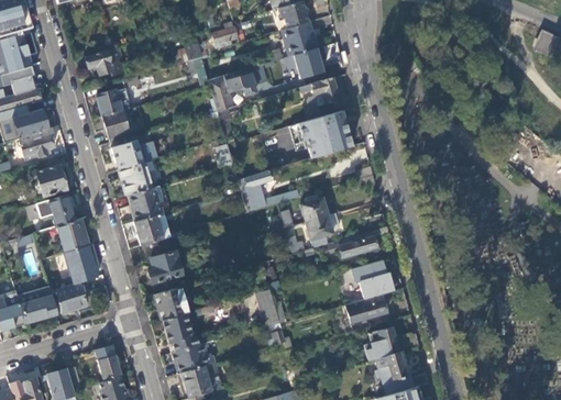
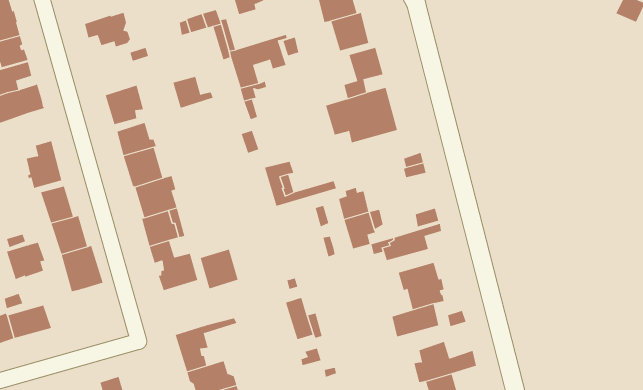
building: [96,90,131,118] -> [172,76,214,109]
building: [19,129,54,158] -> none
building: [55,282,88,314] -> [6,242,45,280]
building: [154,287,187,321] -> [200,249,239,289]

